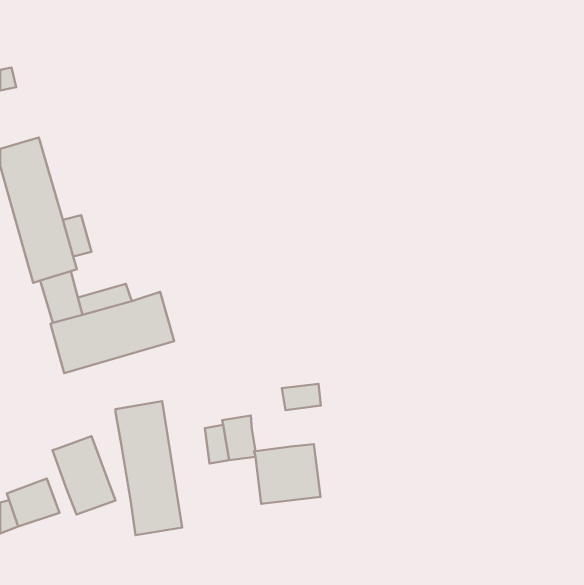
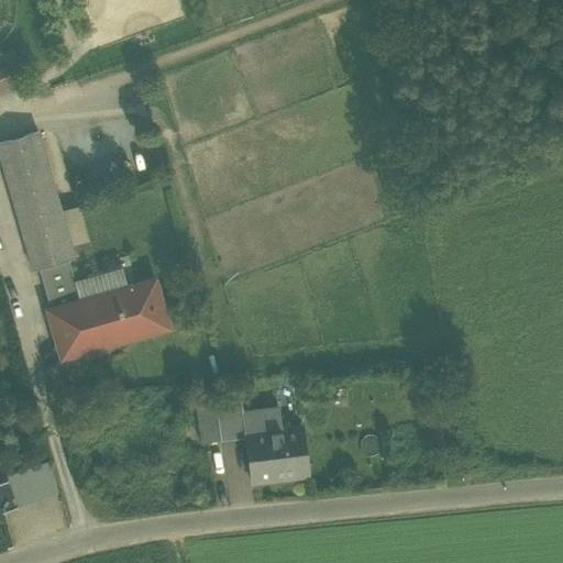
building: [282,384,321,410] -> [243,408,280,433]
building: [116,401,182,535] -> none
building: [52,436,116,514] -> none

